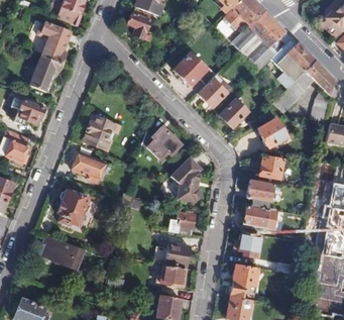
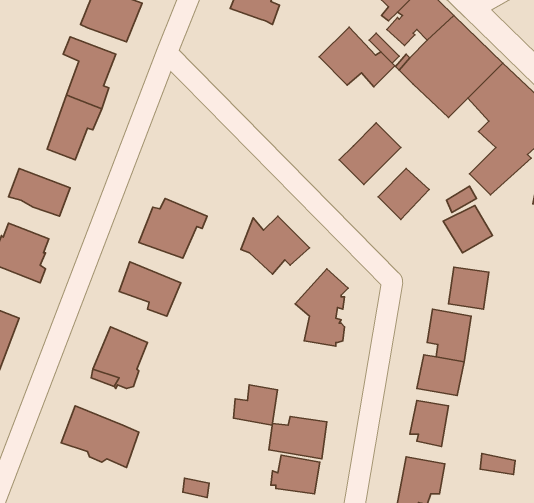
building: [127,6,152,38] -> none
building: [175,50,218,85] -> [319,27,395,87]
building: [170,209,196,232] -> [233,385,277,425]

